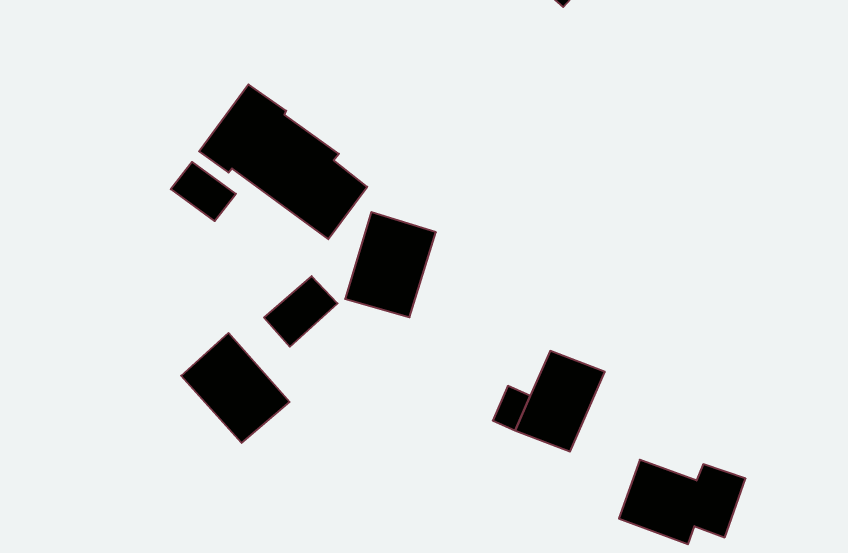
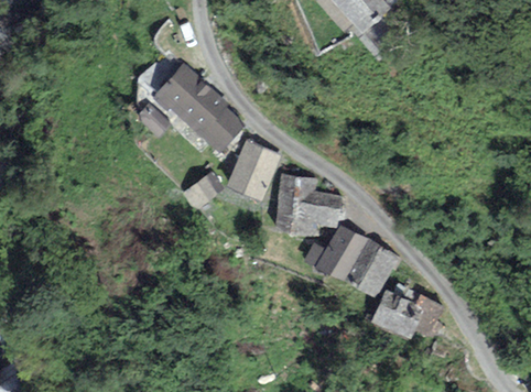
building: none -> [273,173,339,237]
building: [181,333,290,443] -> none
building: none -> [346,239,398,298]

